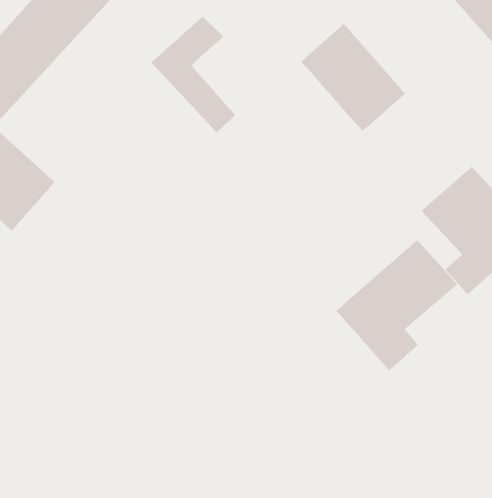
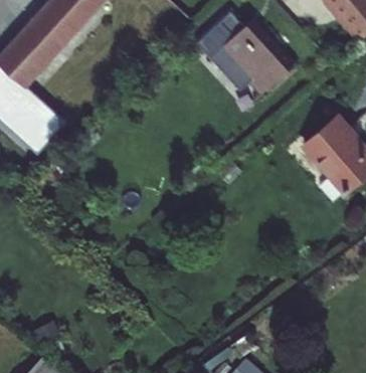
building: [150,16,236,133] -> [197,11,254,89]
building: [335,239,458,371] -> none

